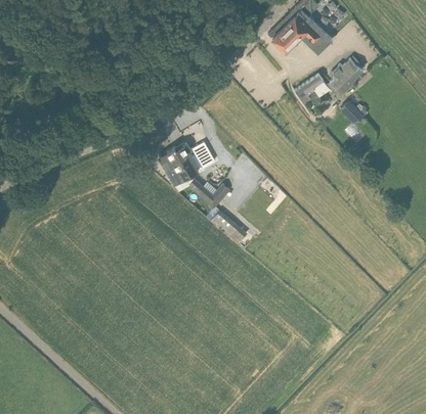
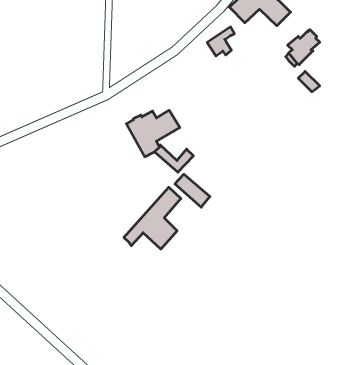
building: [295,73,324,103] -> [207,27,234,56]
building: none -> [124,187,181,249]

